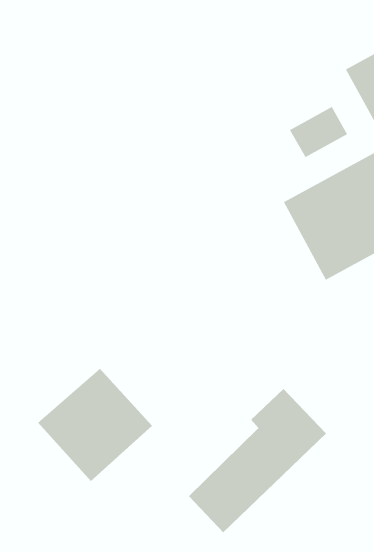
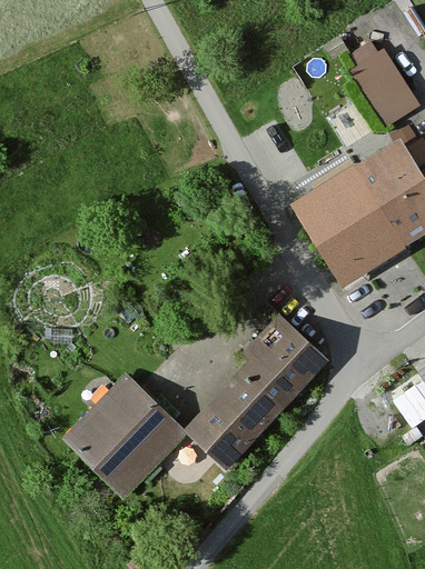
building: [289,106,348,158] -> none
building: [188,388,327,533] -> [192,318,326,465]

